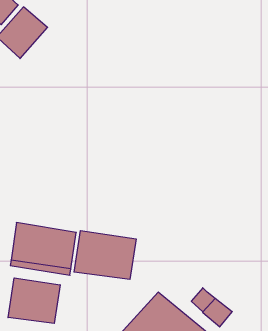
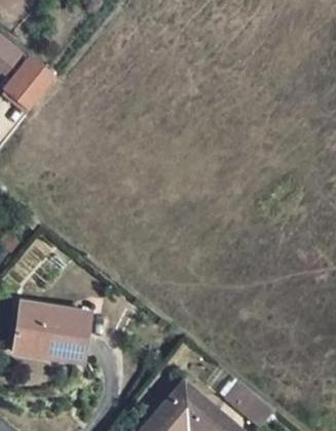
building: [74,231,136,279] -> none
building: [8,278,60,323] -> none

